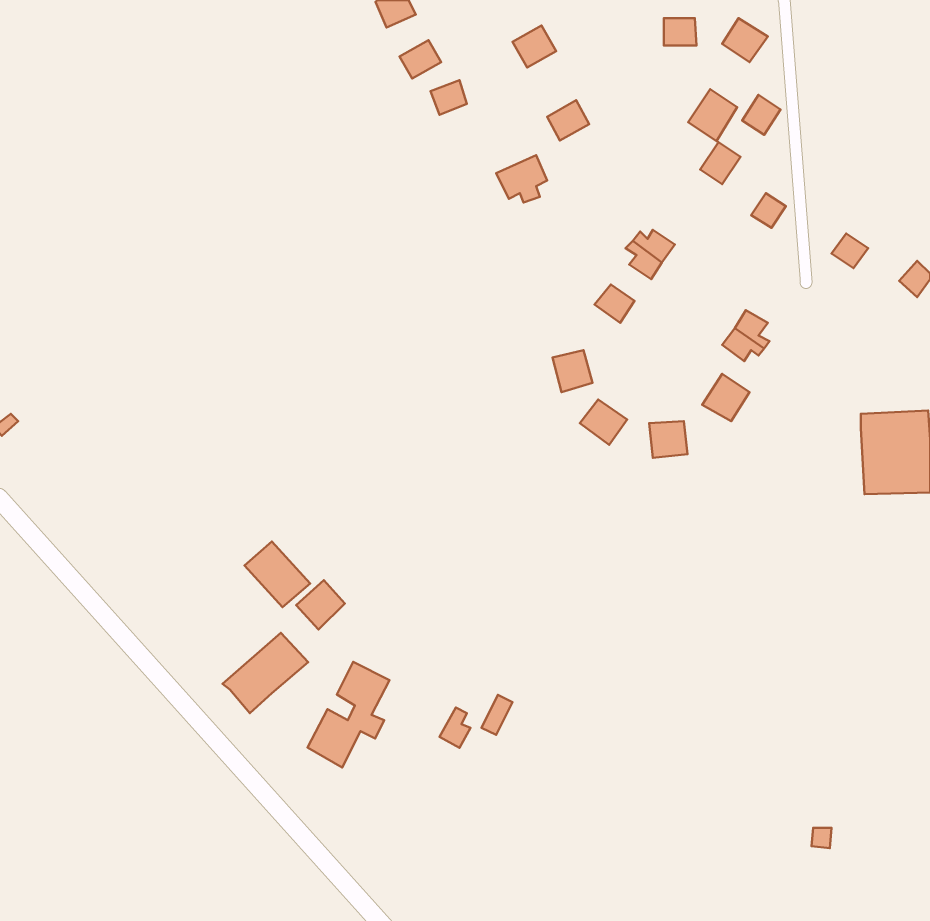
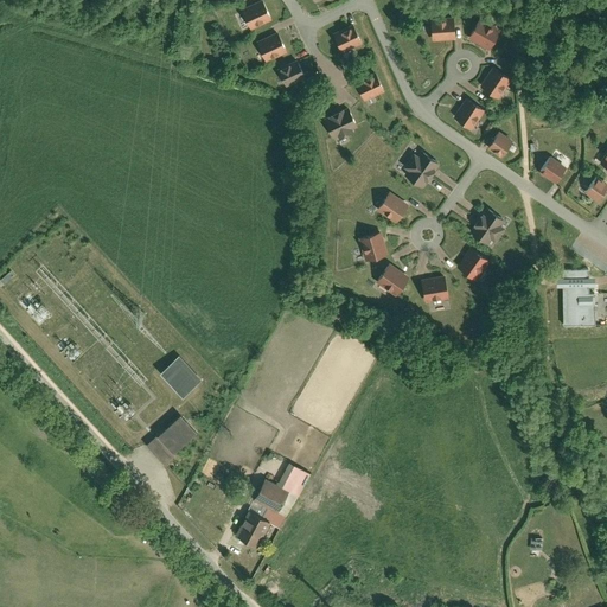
building: [688,89,737,141] -> none
building: [296,580,345,630] -> none
building: [308,662,390,768] -> [234,485,287,554]

